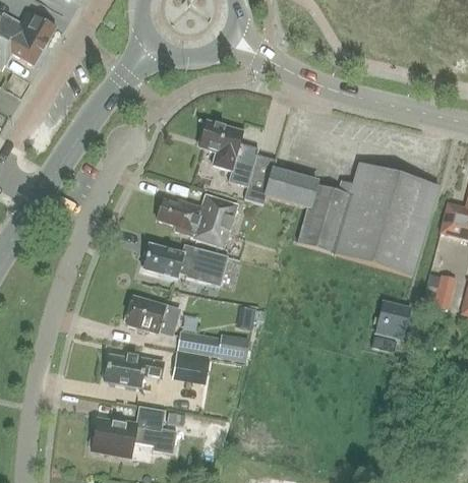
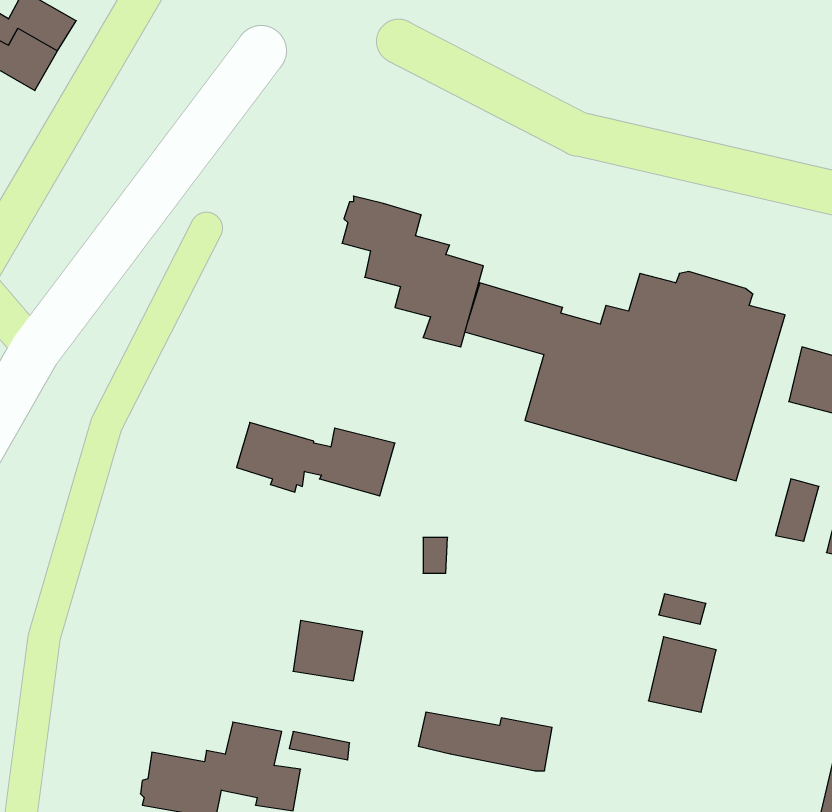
building: [158,193,238,247] -> none
building: [125,295,178,333] -> none
building: [374,299,411,340] -> [648,637,716,712]
building: [177,329,249,361] -> [418,712,552,771]
building: [105,352,165,387] -> none

